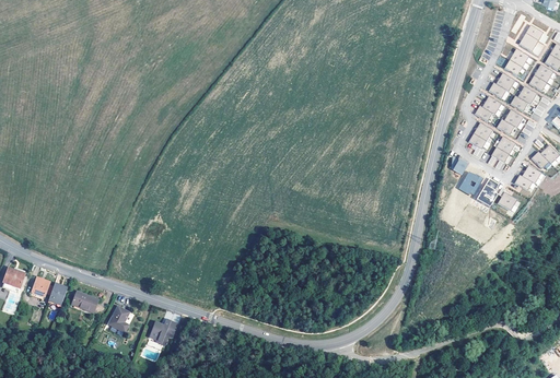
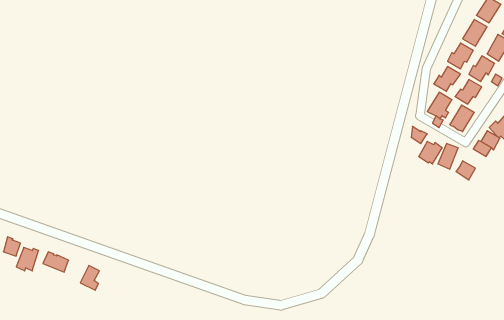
building: [151,318,178,345] -> none

